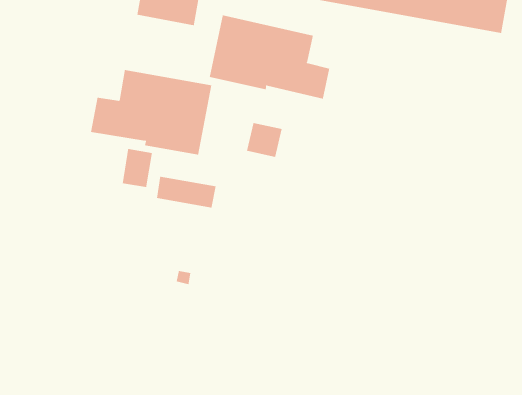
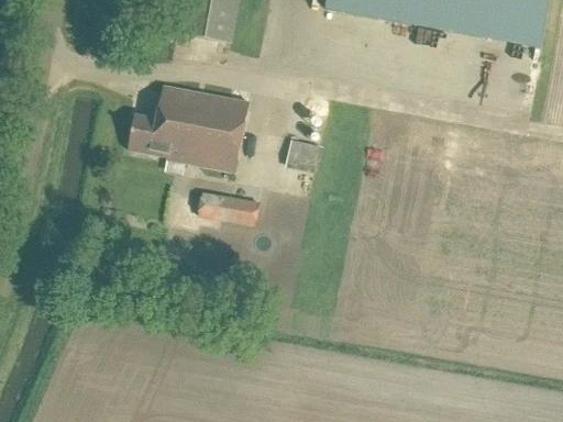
building: [209,15,330,100] -> none
building: [122,148,152,188] -> none

